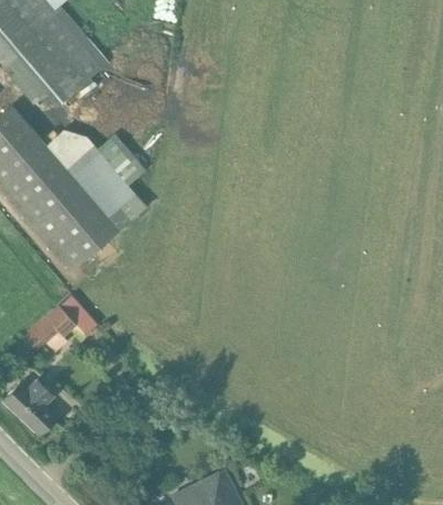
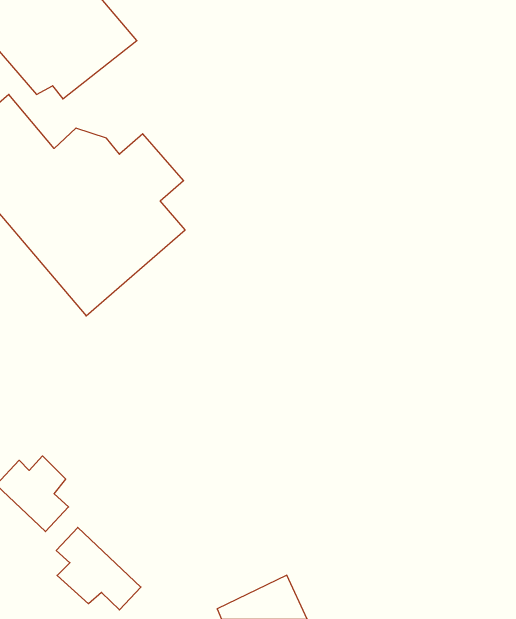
building: [17,295,97,362] -> none
building: none -> [56,527,141,610]

